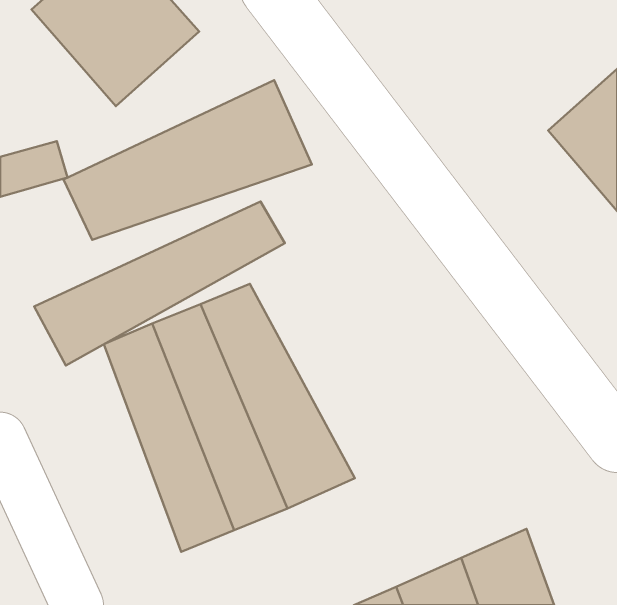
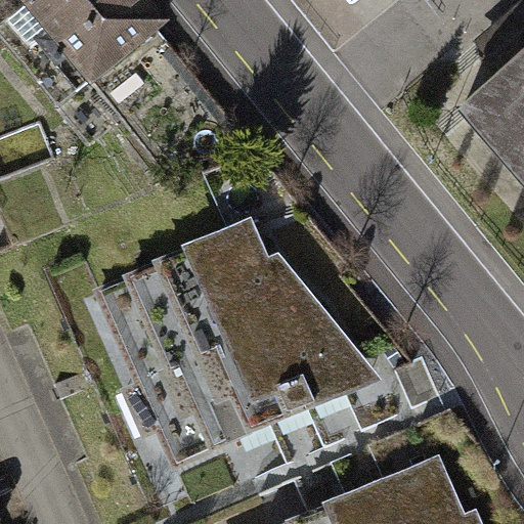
building: [63,80,312,240] -> none
building: [34,201,285,365] -> none
building: none -> [212,223,376,405]

